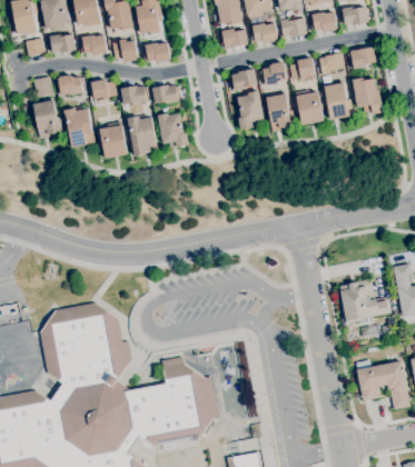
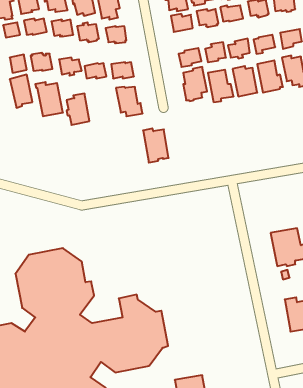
building: [128,116,158,156] -> [143,128,169,163]

